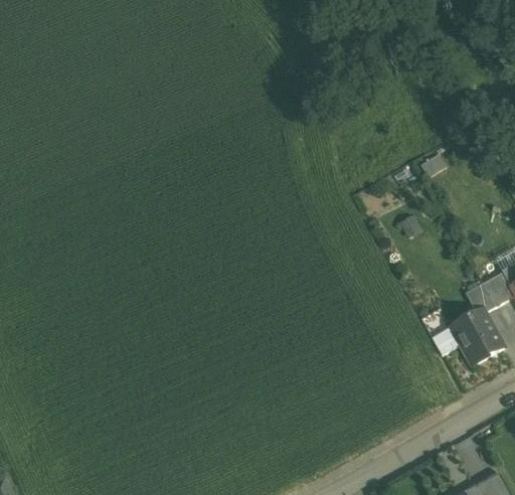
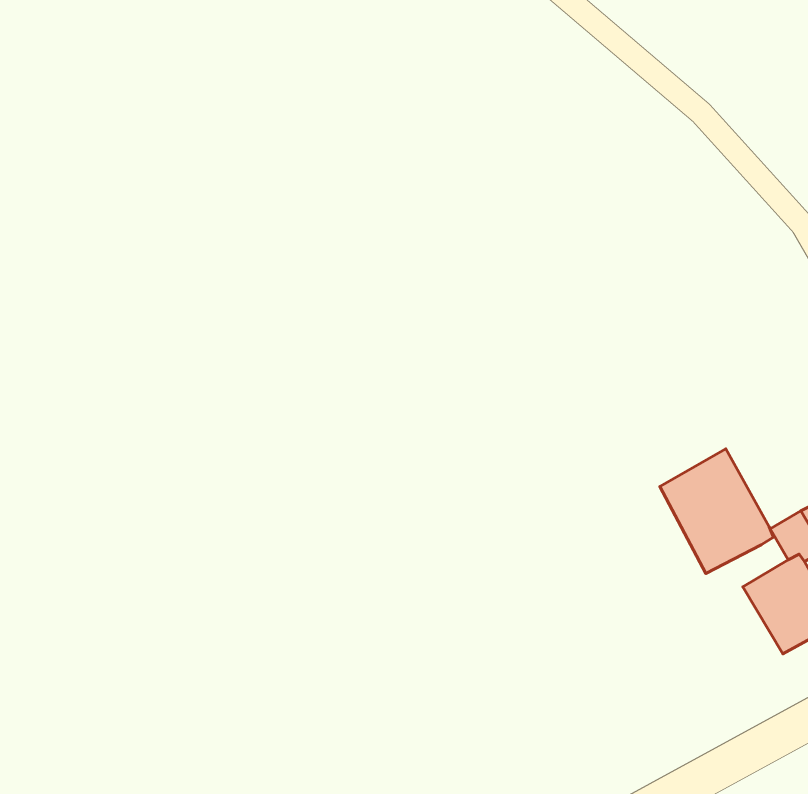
building: none -> [660,449,773,574]

